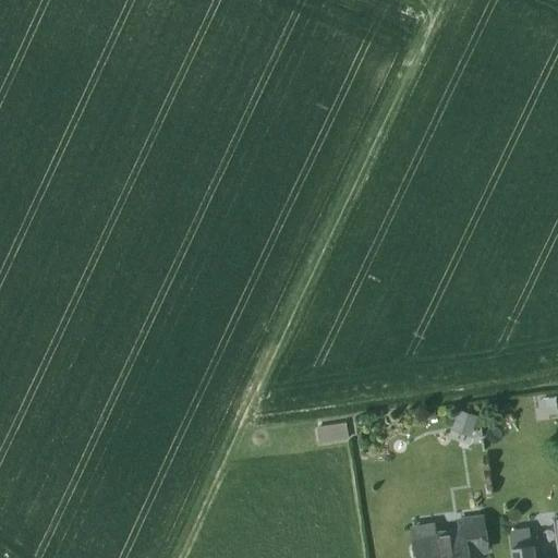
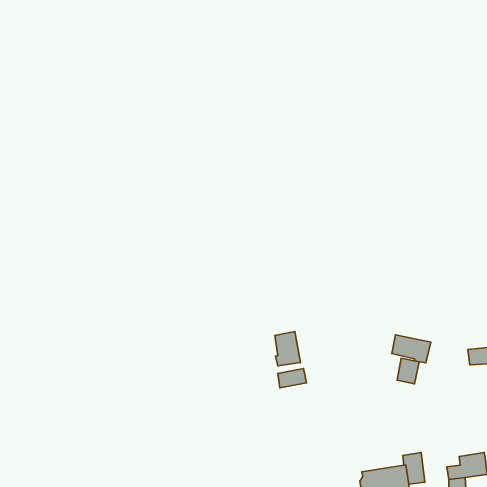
building: none -> [275,332,300,366]
building: none -> [392,335,431,363]

